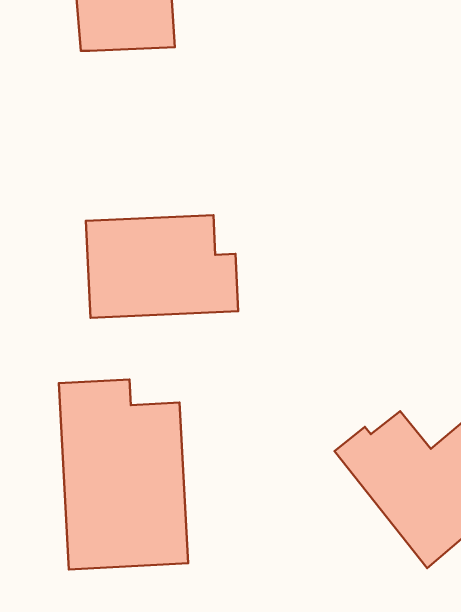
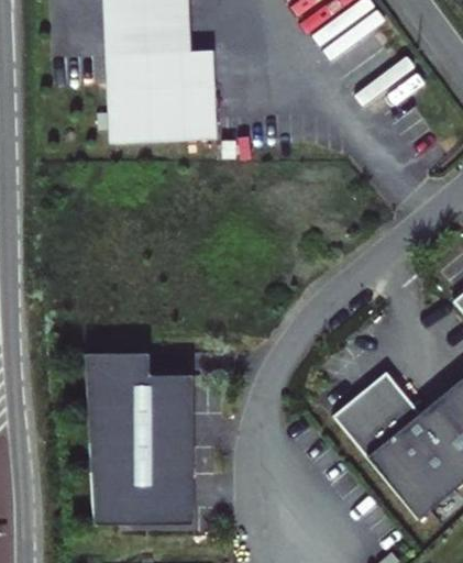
building: none -> [112,51,216,143]
building: [86,215,238,318] -> none

